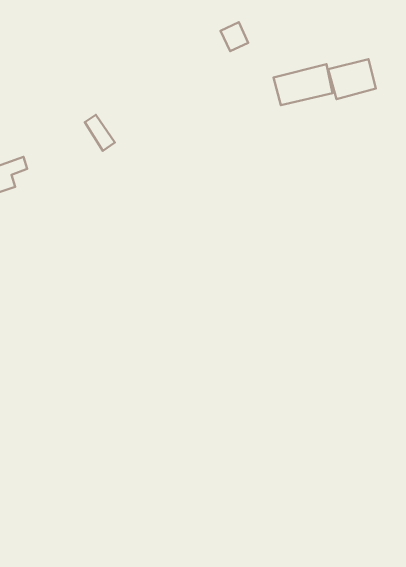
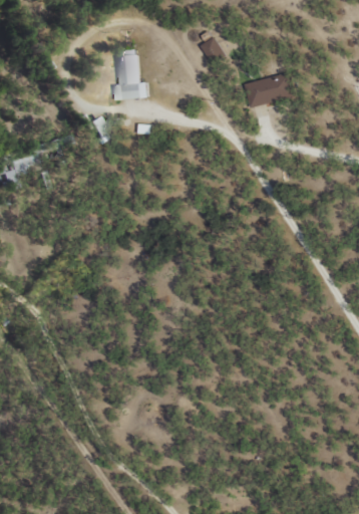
building: none -> [117,50,148,100]
building: [328,59,376,99] -> none

